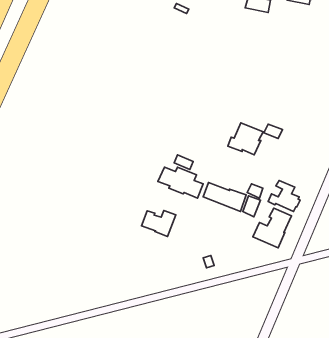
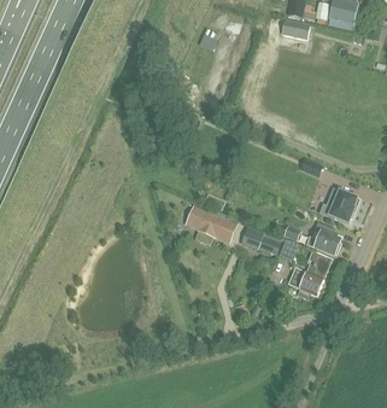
building: [228,123,263,155] -> [318,187,357,222]
building: [142,210,176,237] -> none

